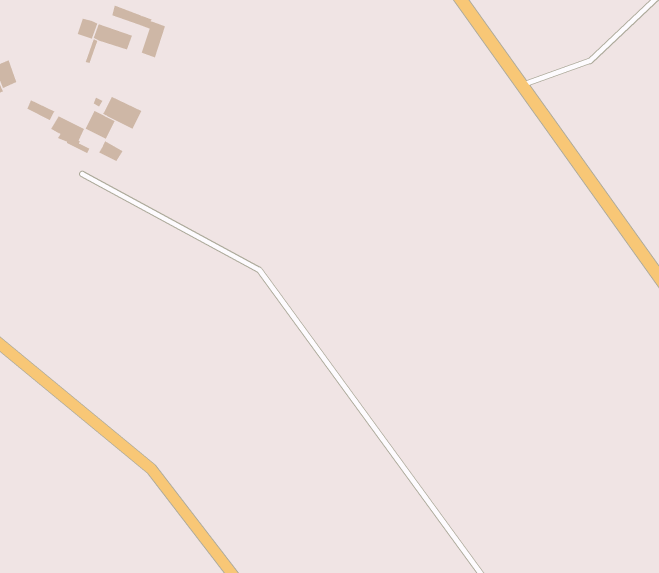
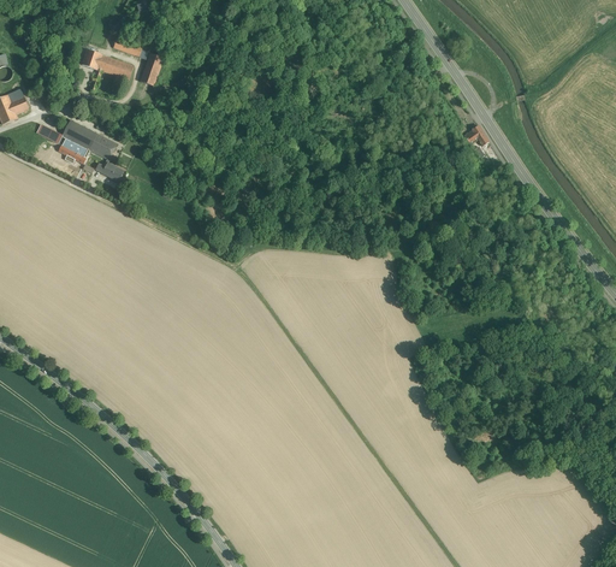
building: [102,96,142,129] -> [61,119,97,149]

